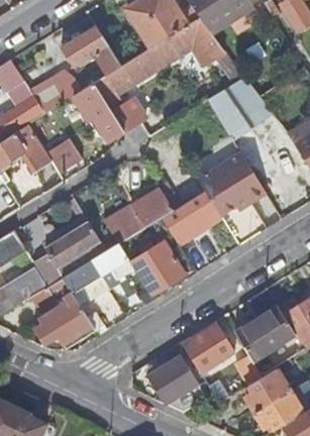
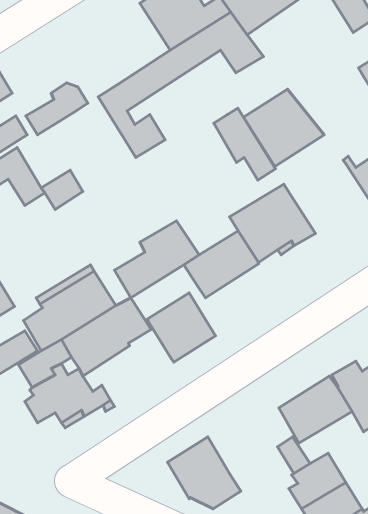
building: [61,26,120,74] -> none
building: [73,84,122,141] -> [214,108,276,180]
building: [183,324,234,372] -> none

